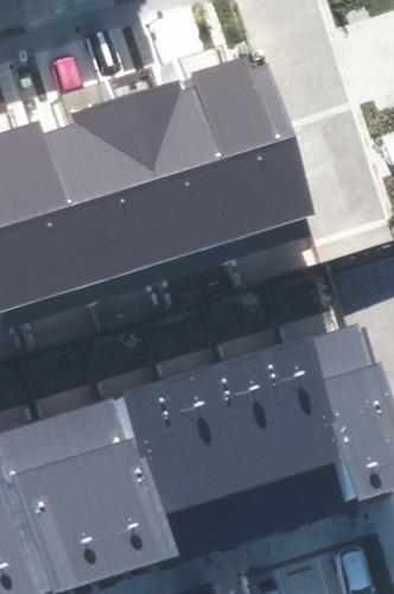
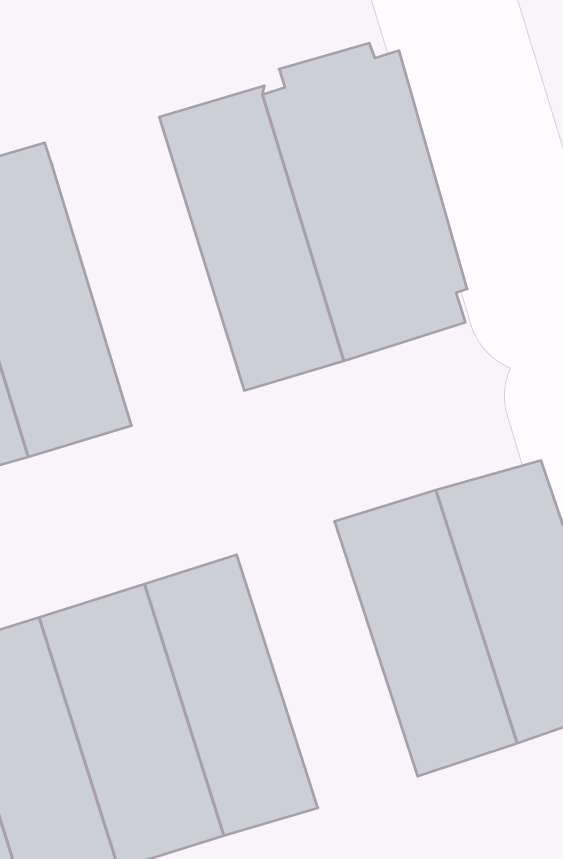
building: [44,99,167,297] -> none
building: [163,359,279,543] -> none

